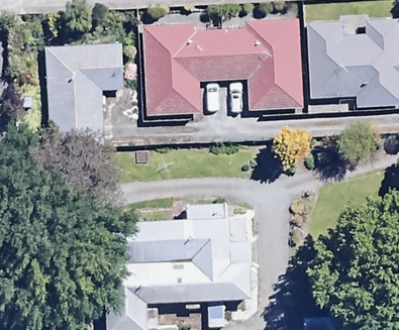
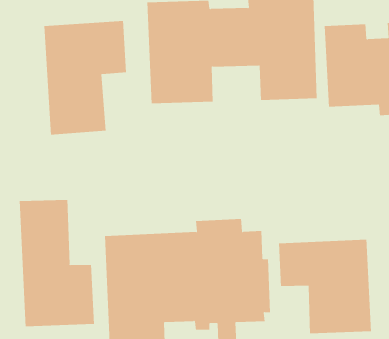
building: none -> [19,199,94,327]
building: none -> [278,239,372,334]

